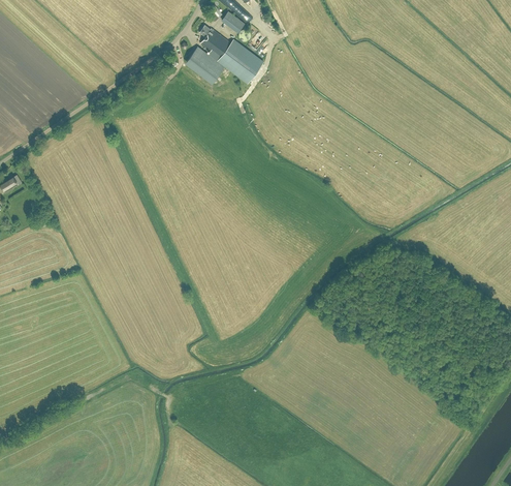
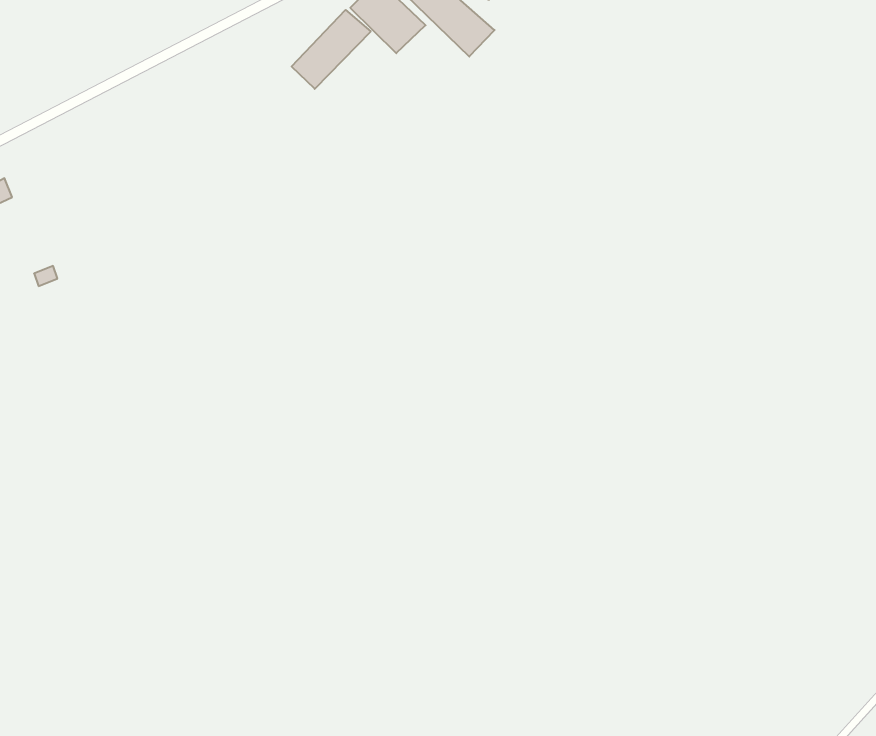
building: none -> [292,10,371,89]

